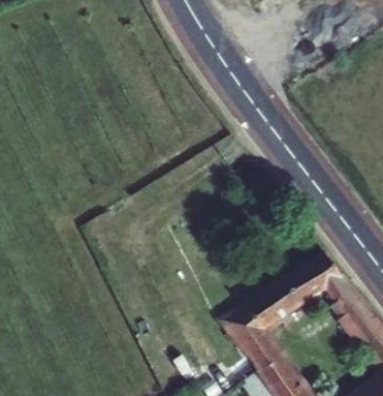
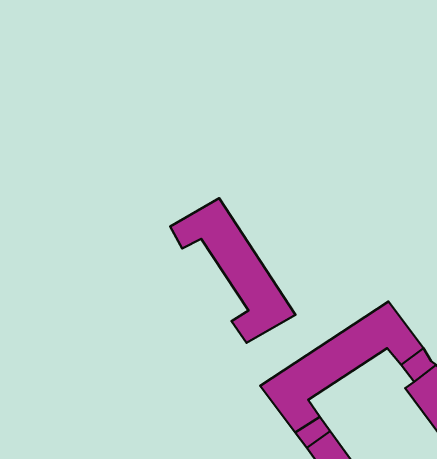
building: none -> [170,198,296,343]

